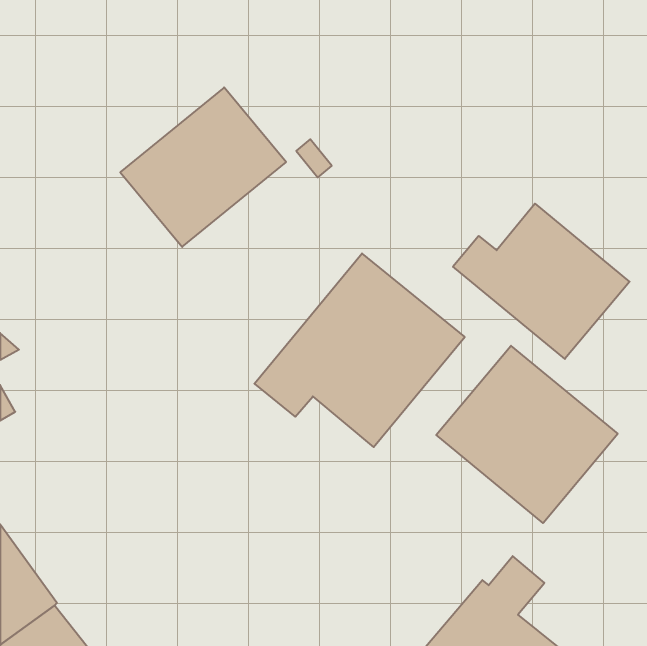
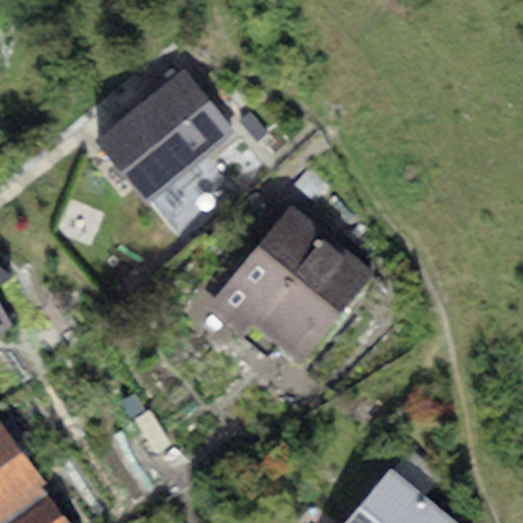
building: [453,204,630,359] -> none
building: [436,346,618,523] -> none

